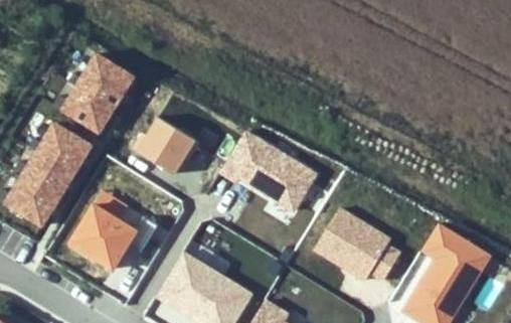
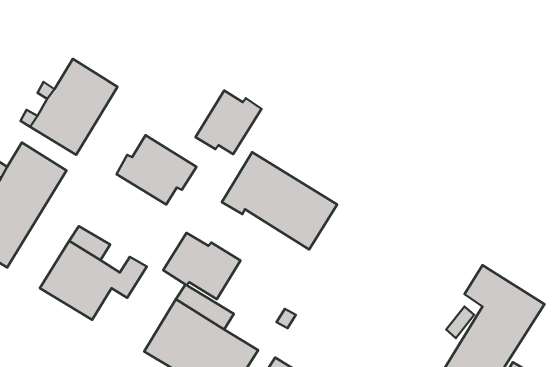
building: none -> [196,91,261,154]
building: none -> [163,233,240,299]
building: [315,208,400,281] -> none

